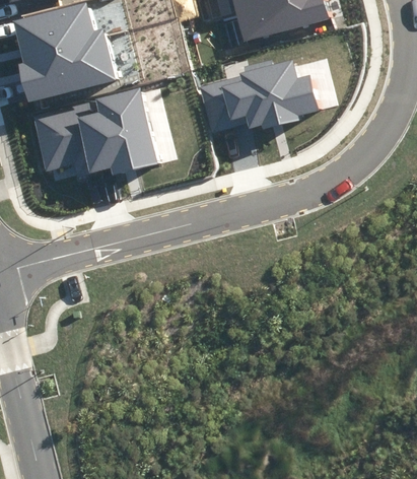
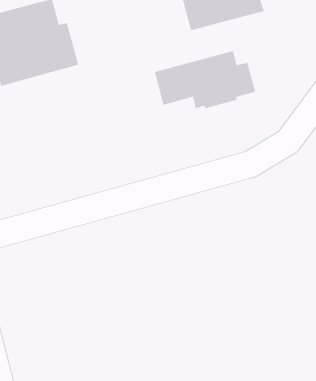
building: [33,89,156,175] -> none

